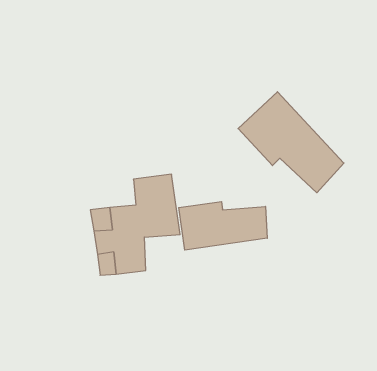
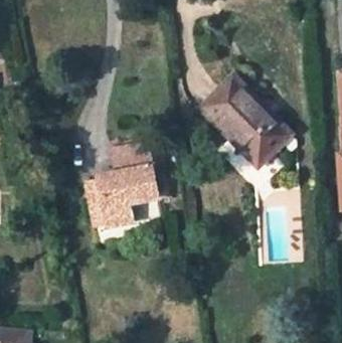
building: [179,202,267,250] -> none

